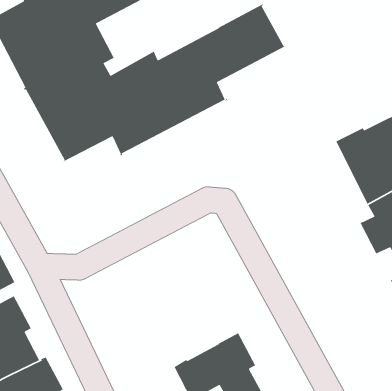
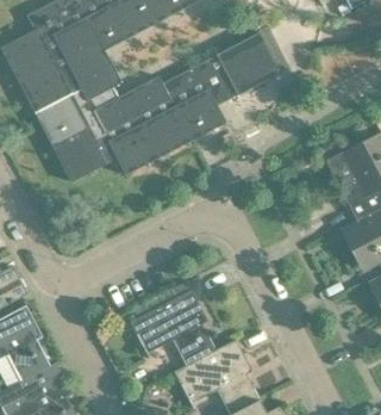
building: none -> [130,281,217,366]

